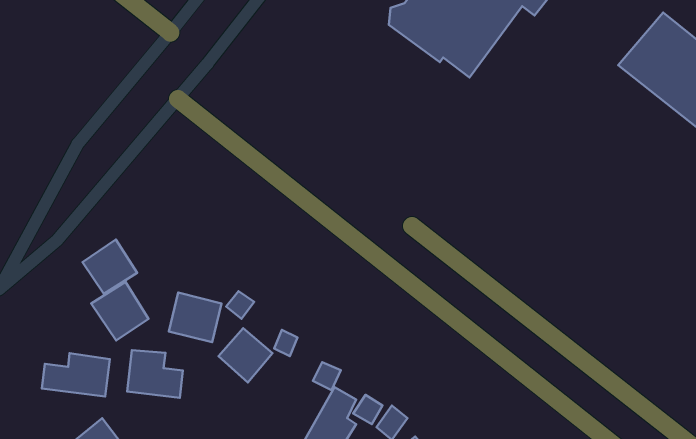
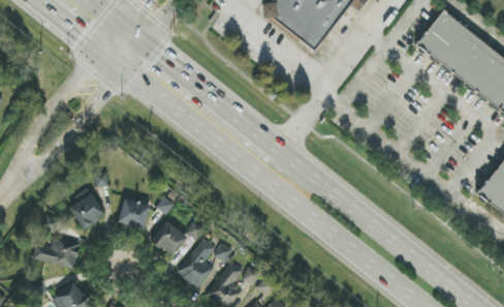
building: [82,239,137,294] -> none
building: [127,350,183,398] -> none
building: none -> [177,238,215,287]

